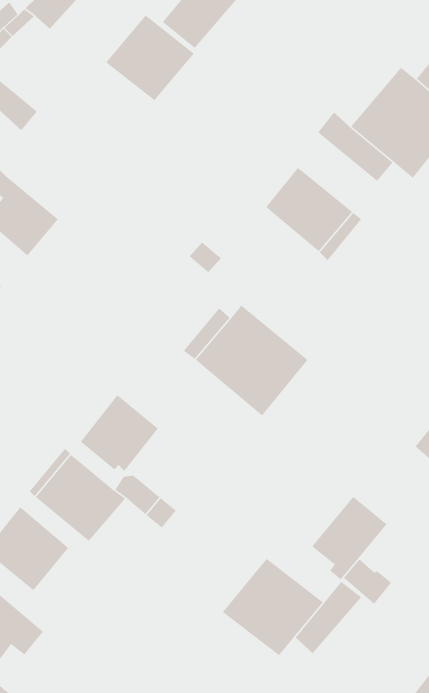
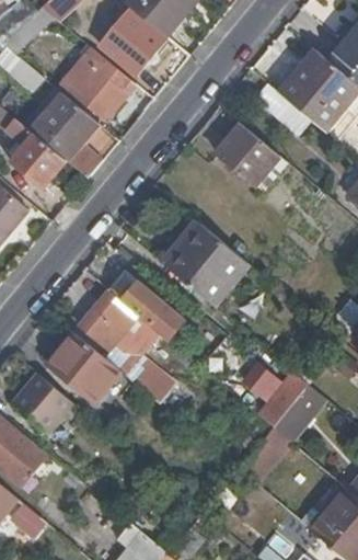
building: none -> [61,48,128,117]
building: none -> [27,92,101,179]
building: none -> [108,272,183,340]
building: [222,558,324,656] -> none

